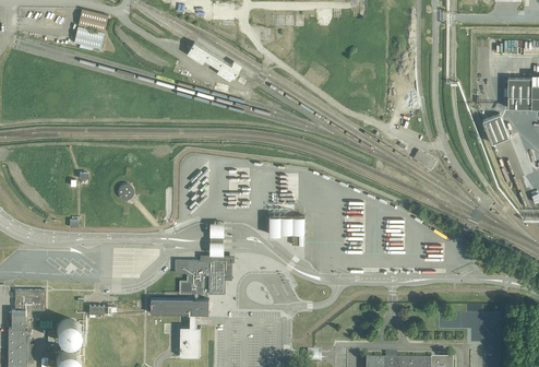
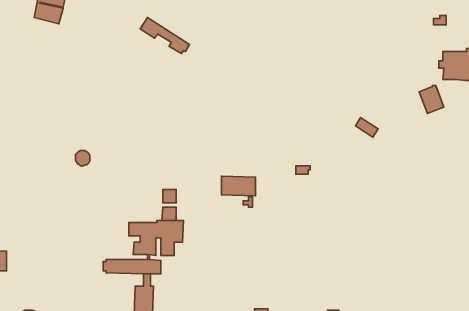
building: [56,319,80,343] -> none

